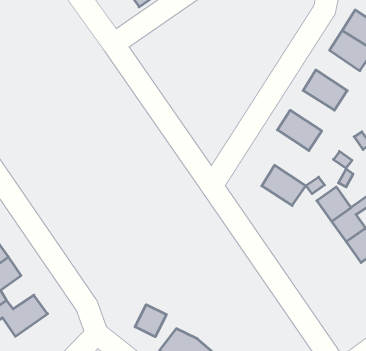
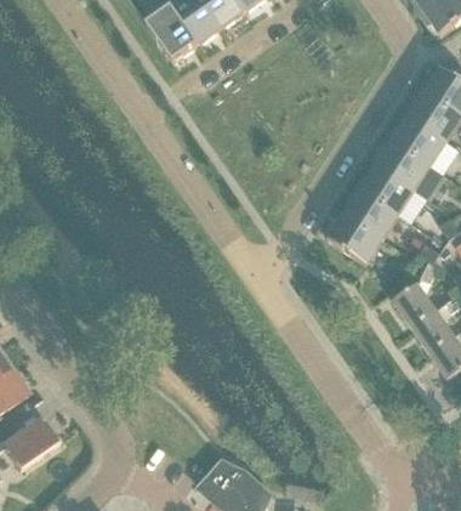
building: none -> [392,114,446,164]
building: none -> [360,164,415,214]
building: [262,165,306,206] -> [329,212,383,262]
building: [135,305,166,337] -> none

